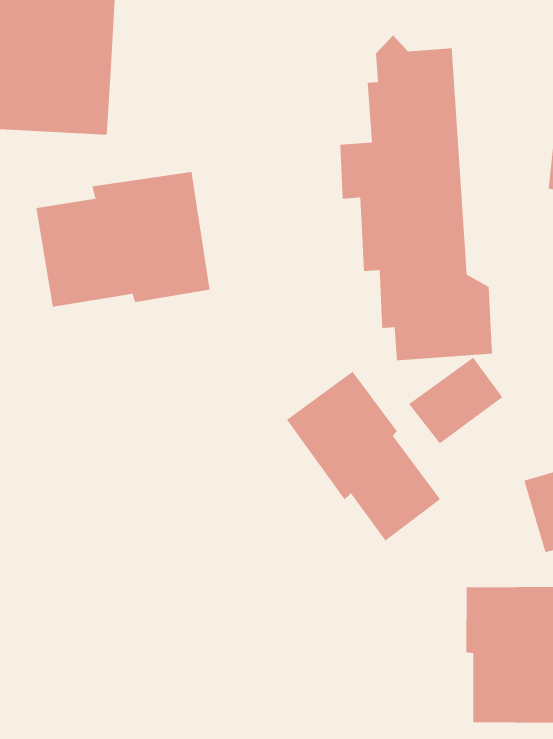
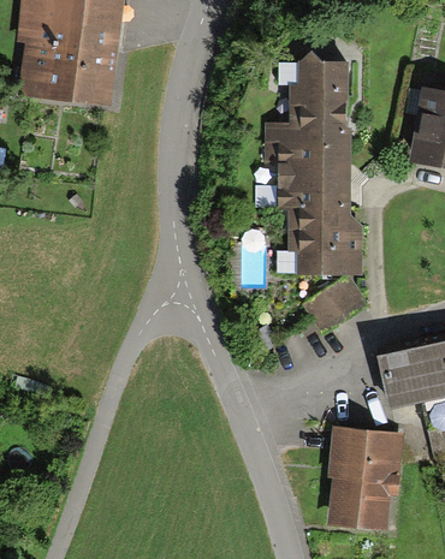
building: [36,171,210,307] -> none
building: [286,371,441,542] -> none

